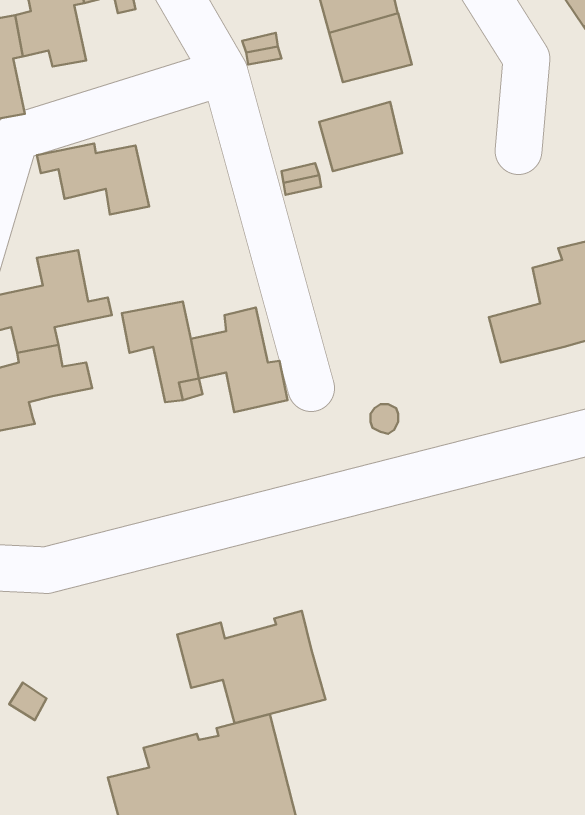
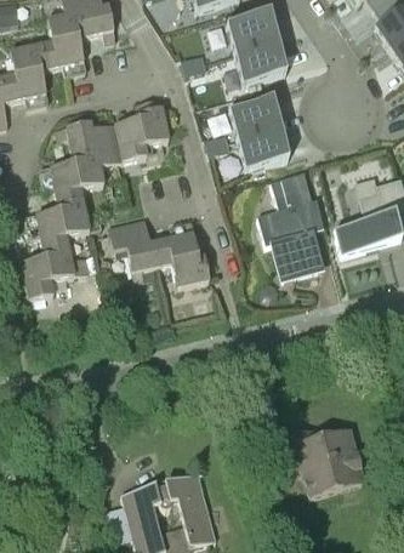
building: none -> [116,98,169,161]
building: none -> [238,129,289,170]
building: none -> [40,150,104,193]
building: none -> [257,172,319,272]
building: [177,611,325,723] -> [275,427,366,496]

